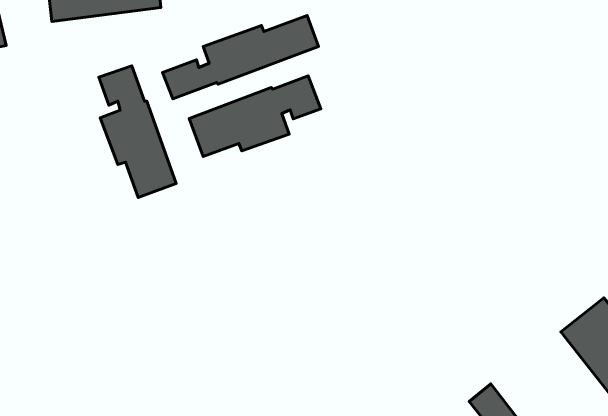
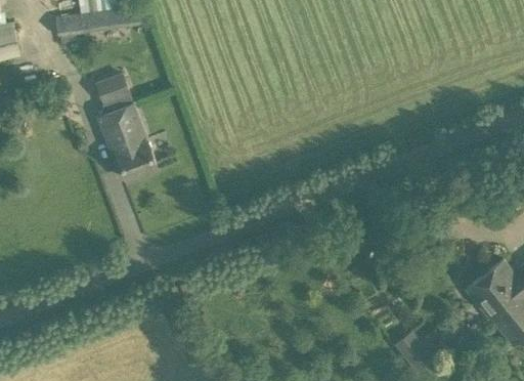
building: [162,15,319,99] -> none
building: [189,76,321,157] -> none

